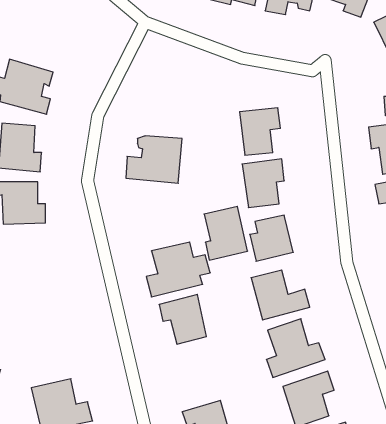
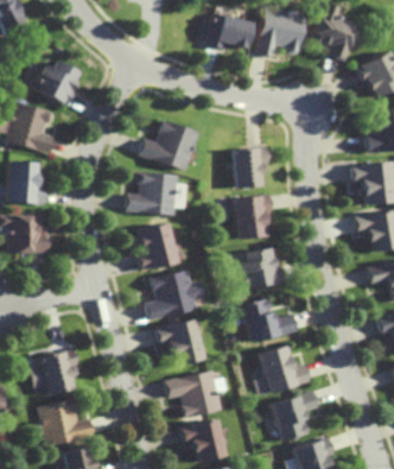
building: none -> [36,61,83,106]
building: none -> [140,120,201,171]
building: [204,206,248,260] -> [136,222,177,272]
building: none -> [40,349,80,398]
building: none -> [164,369,221,418]

